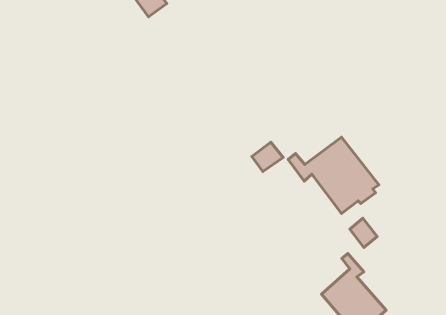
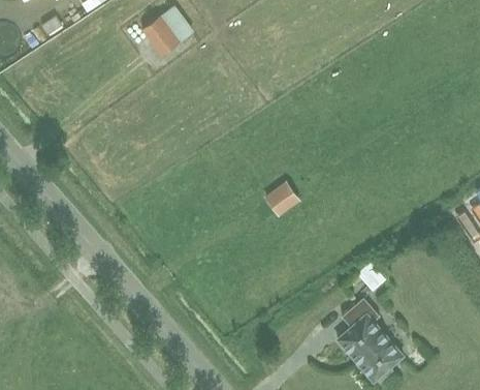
building: [288,137,379,214] -> none

